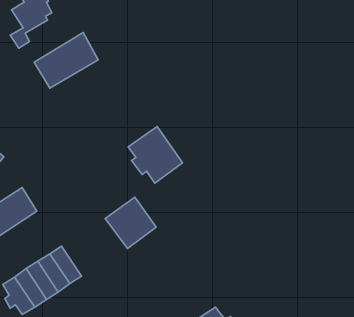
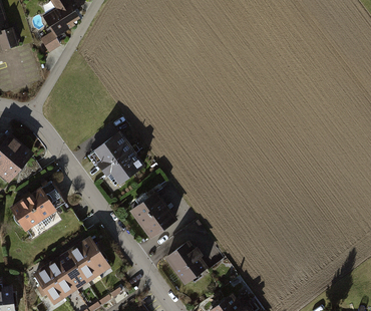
building: [34,33,98,88] -> none
building: [128,127,183,183] -> [94,132,145,186]
building: none -> [164,241,208,285]

